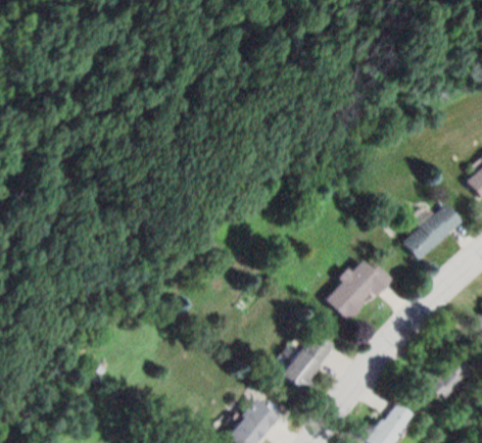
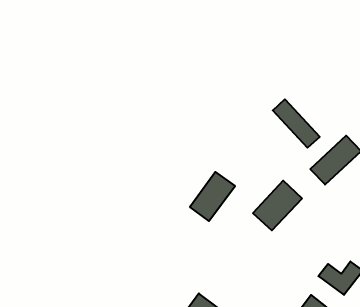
building: none -> [273,99,320,148]
building: [279,329,335,390] -> [190,172,235,221]

